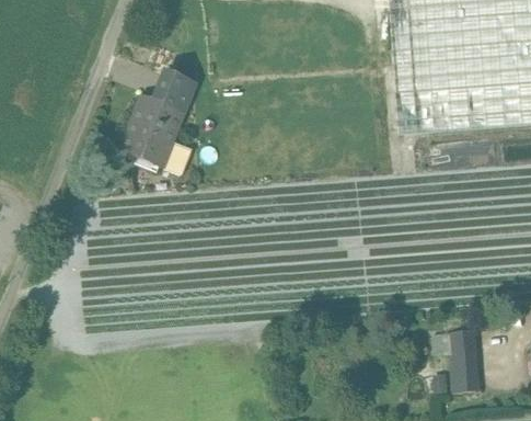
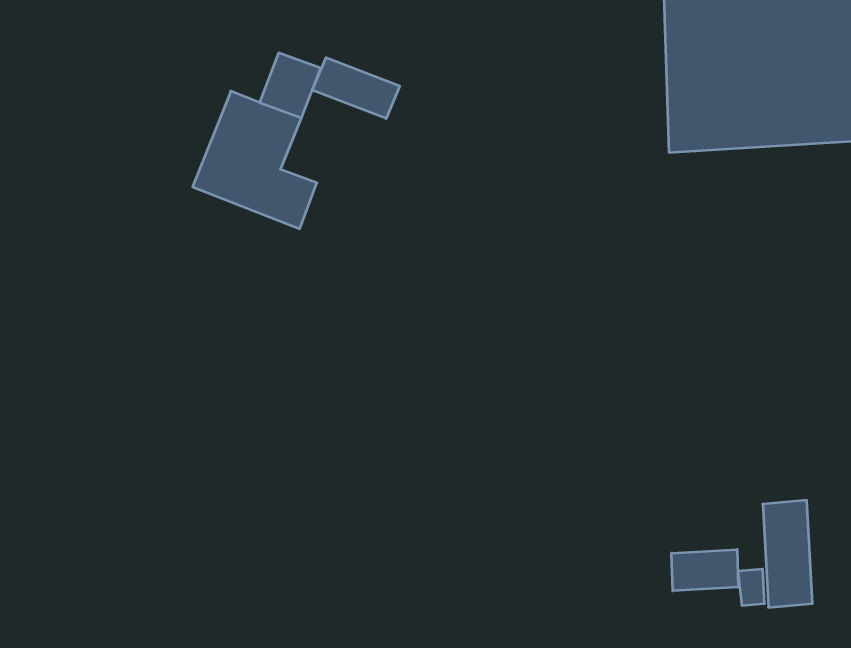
building: none -> [312,58,400,119]
building: none -> [672,549,738,591]

